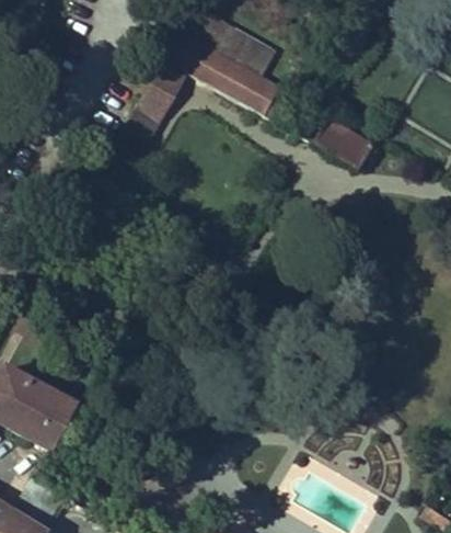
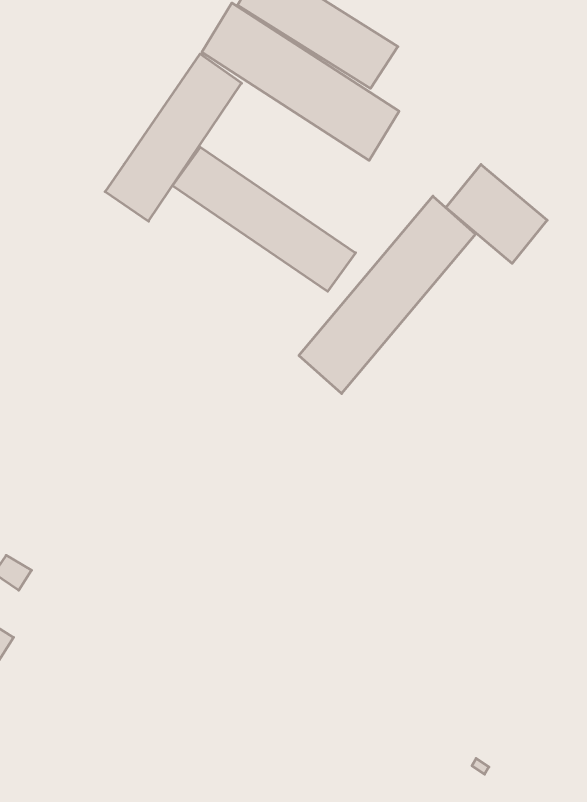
building: none -> [172,147,356,291]
building: none -> [299,196,476,394]

